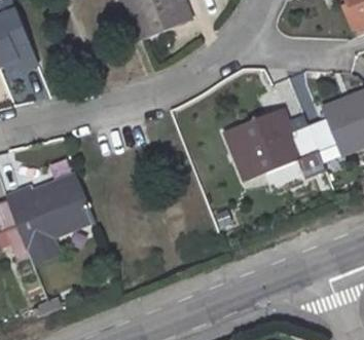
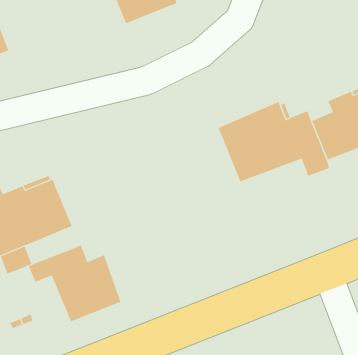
building: none -> [28,244,121,322]

